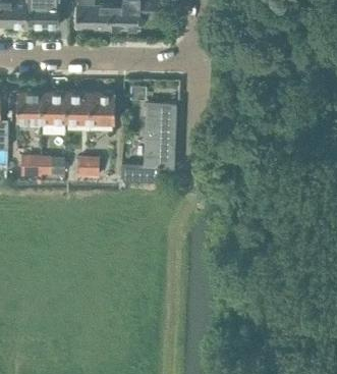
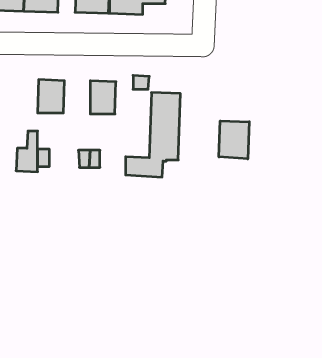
building: [15,91,41,122] -> none
building: [64,92,90,123] -> none
building: none -> [219,121,249,159]

